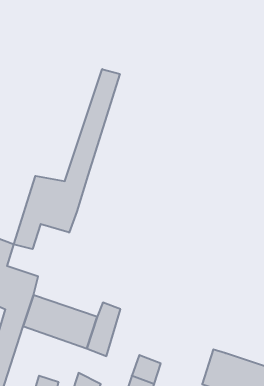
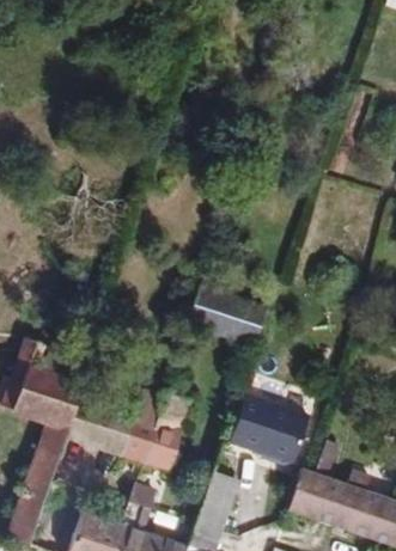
building: [14,69,120,249] -> none
building: none -> [194,290,267,345]
building: none -> [234,394,311,461]

